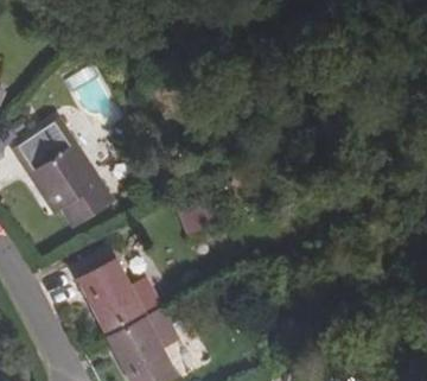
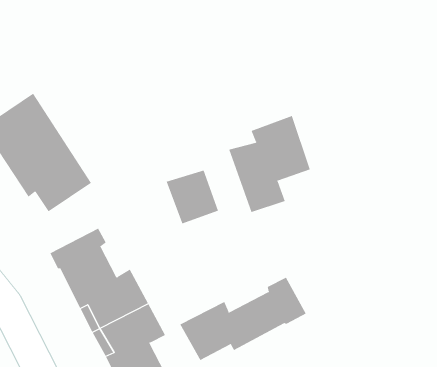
building: none -> [229,115,310,213]
building: none -> [180,277,307,361]

